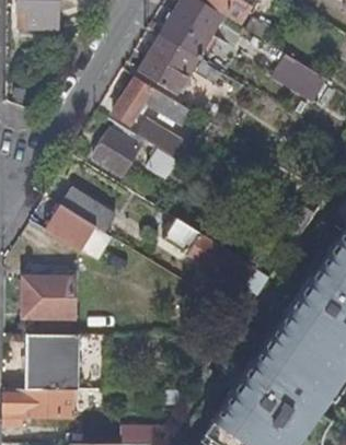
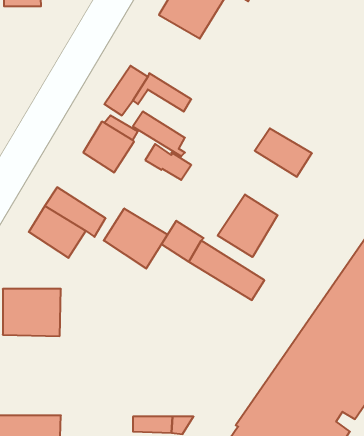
building: [139,35,197,92] -> none
building: [276,56,326,98] -> [255,128,312,177]
building: none -> [218,194,278,257]
building: none -> [104,208,168,269]
building: [26,333,79,388] -> none

